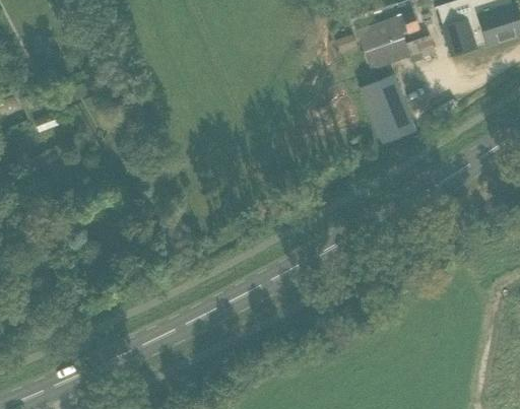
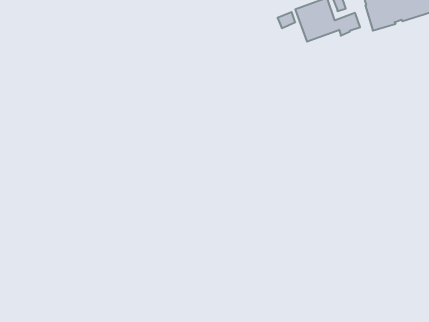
building: [360,74,414,142] -> none

